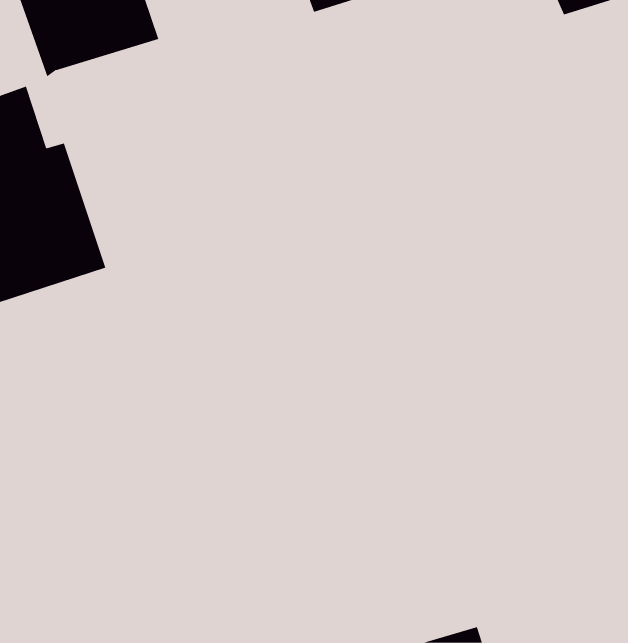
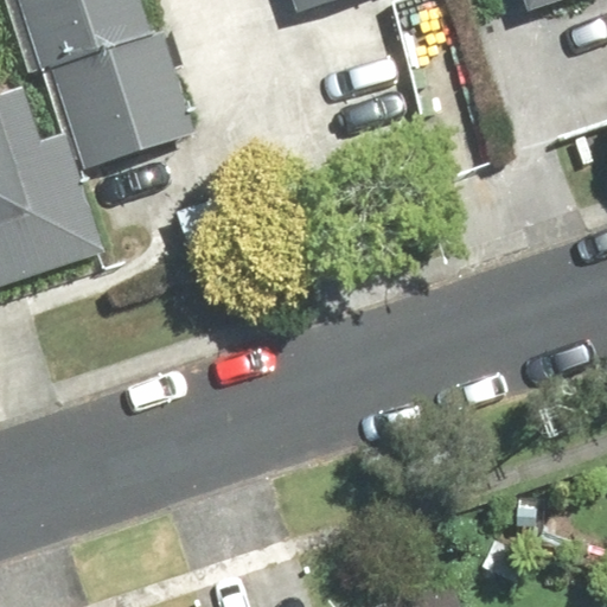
building: none -> [52,33,194,168]

